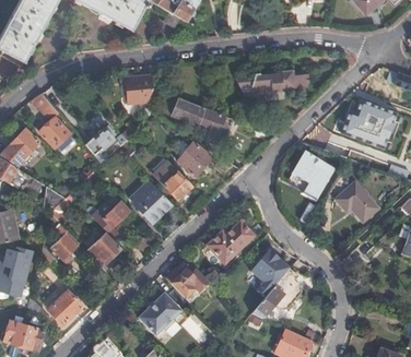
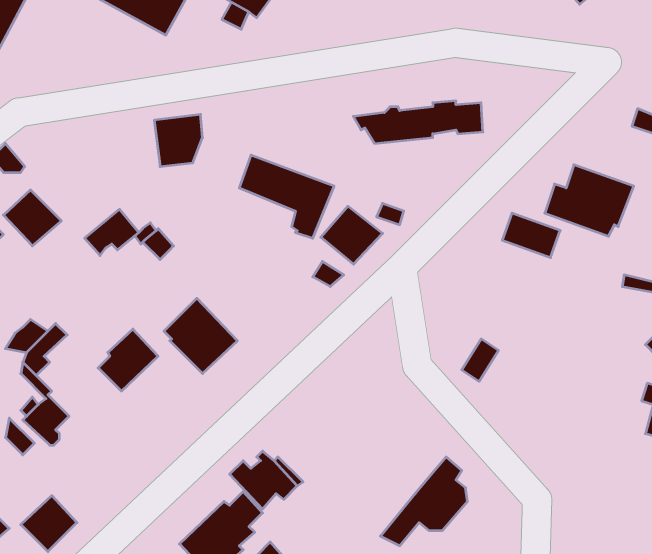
building: [176,142,211,175] -> [321,206,383,264]
building: [291,153,333,201] -> none
building: [153,159,191,198] -> none
building: [333,180,379,221] -> none
building: [208,222,254,264] -> none
building: [85,233,119,270] -> none
building: [251,254,290,289] -> none

